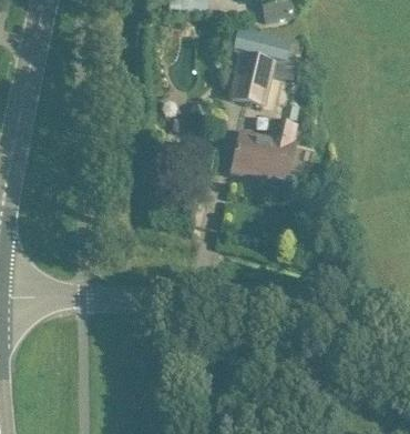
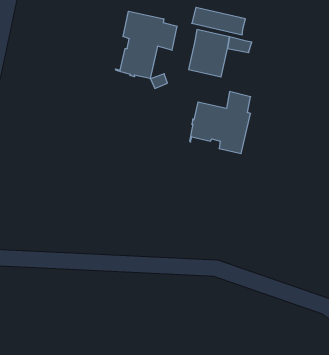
building: none -> [116,11,177,79]

